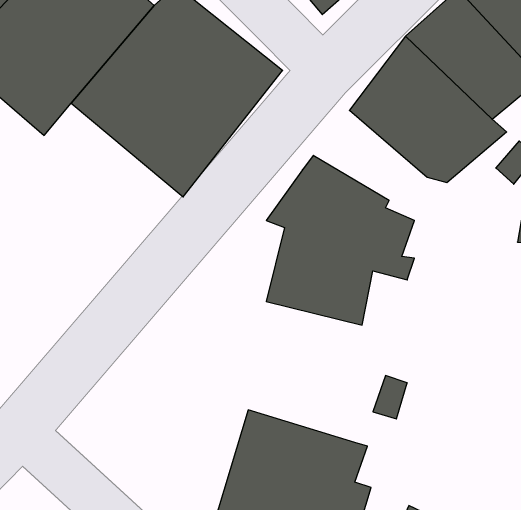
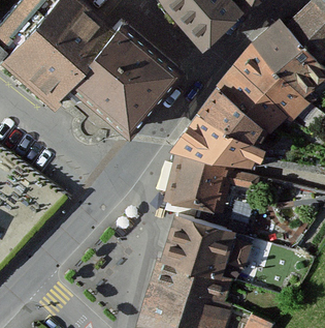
building: none -> [198,91,263,146]
building: none -> [161,217,234,281]

